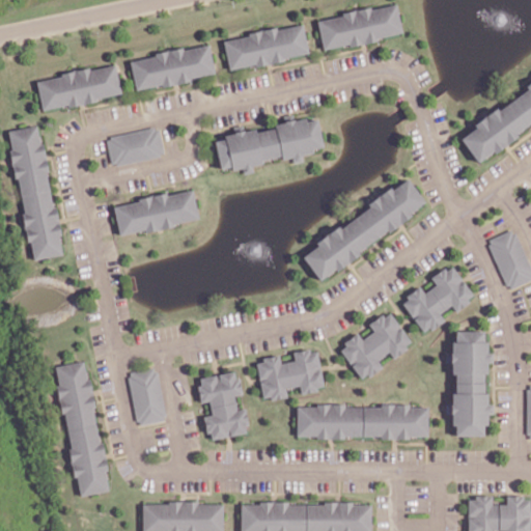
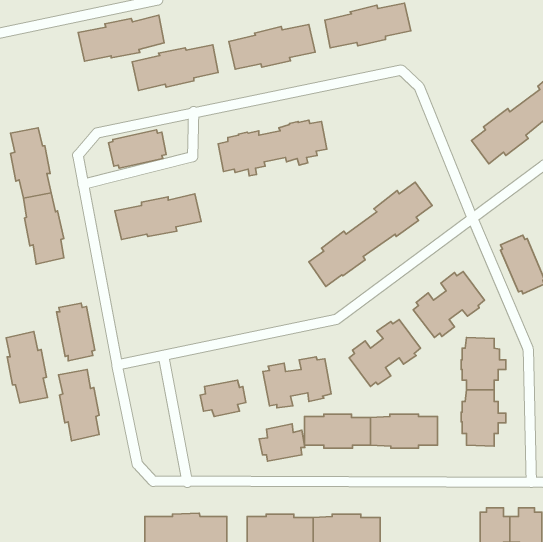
building: [36,65,120,110] -> [78,15,164,61]
building: [128,369,165,425] -> [57,303,95,361]
building: [202,402,247,439] -> [259,424,305,461]
building: [71,425,111,495] -> [6,331,48,403]

